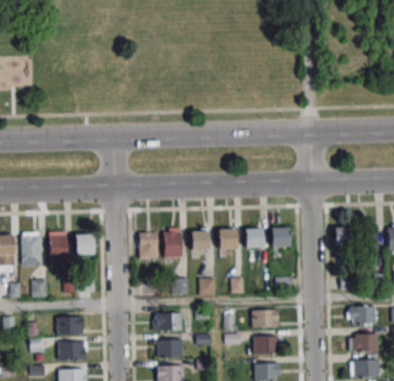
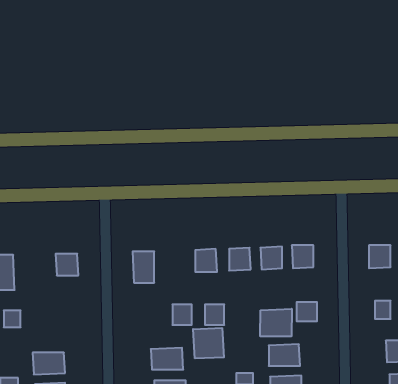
building: [163,231,182,258] -> none
building: [49,235,67,262] -> none
building: none -> [260,309,292,336]
building: none -> [193,328,224,358]

